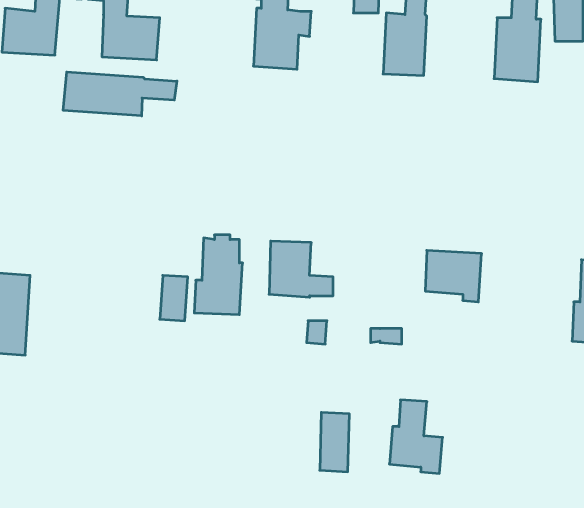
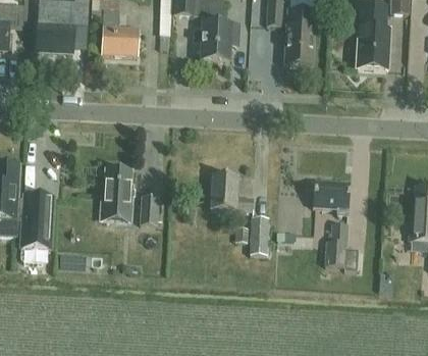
building: [63,72,177,116] -> none
building: [194,235,243,315] -> [101,166,132,218]
building: [389,400,443,473] -> [324,222,359,270]
building: [320,412,349,472] -> [250,215,269,254]

